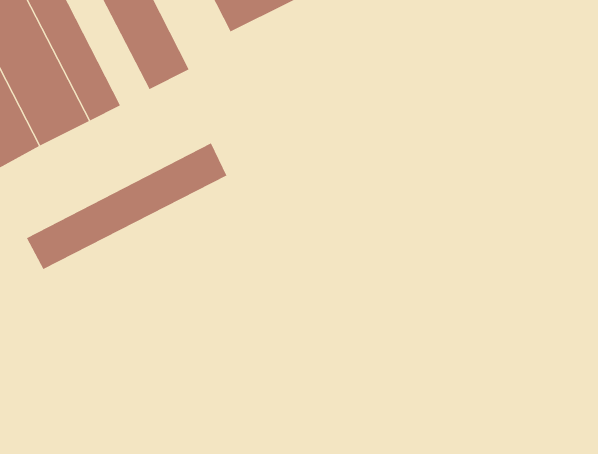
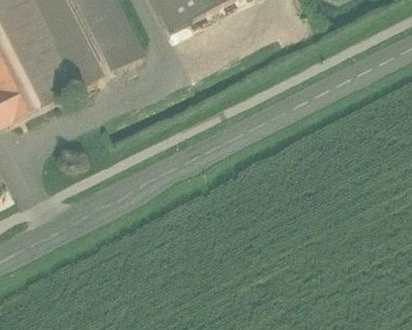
building: [26,143,227,270] -> none

